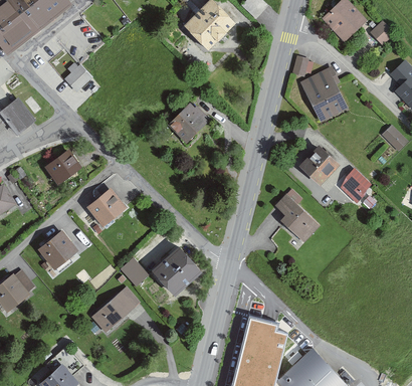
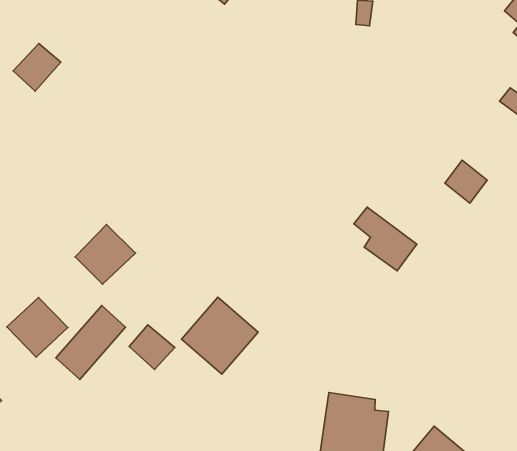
building: [299,67,343,120] -> none
building: [168,104,210,146] -> none
building: [47,149,83,183] -> none
building: [299,150,333,183] -> none
building: [90,285,139,333] -> [56,305,125,379]

